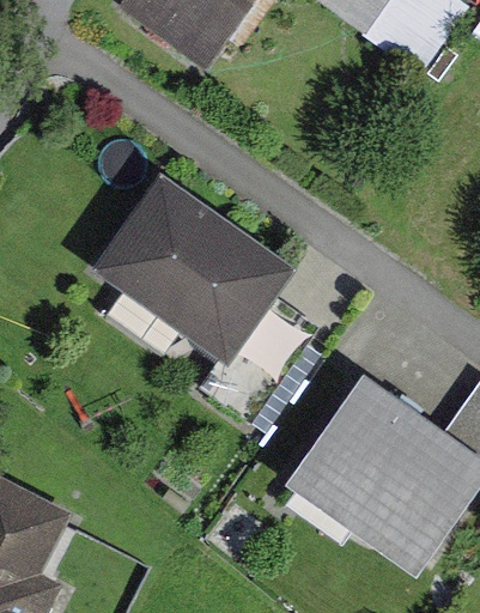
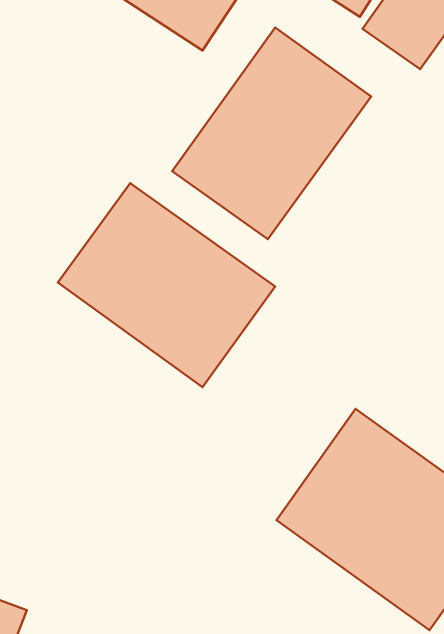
building: none -> [172,28,371,239]

